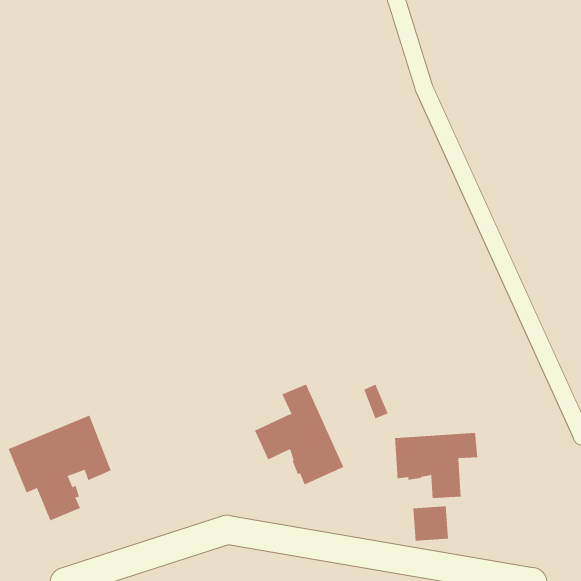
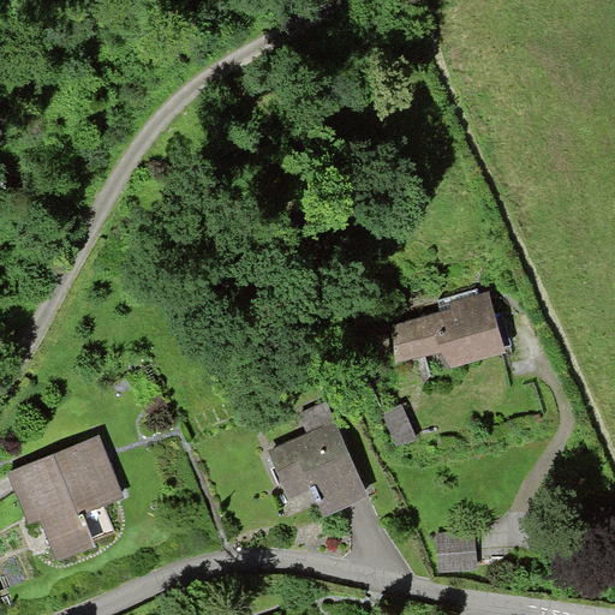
building: none -> [395,292,508,363]
building: [394,432,478,499] -> none

